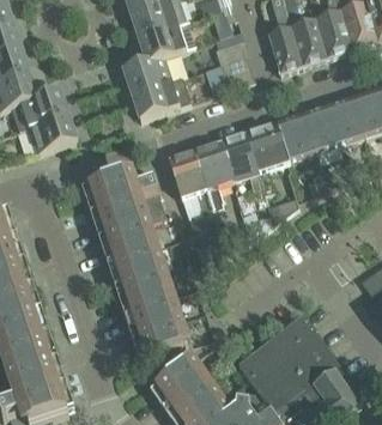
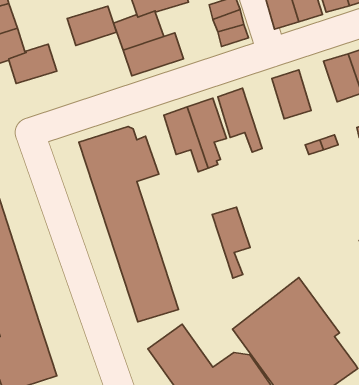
building: [302,103,339,151] -> none
building: [26,113,74,151] -> [67,6,116,46]
building: [247,122,284,192] -> [212,207,250,278]

